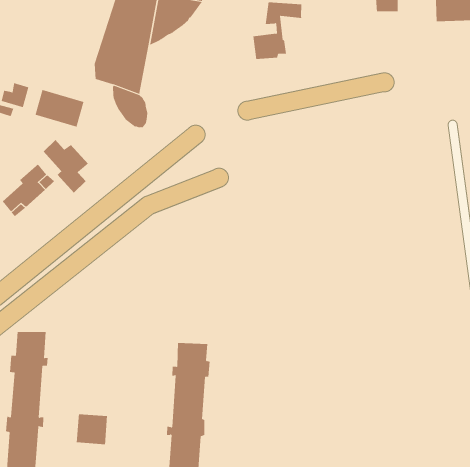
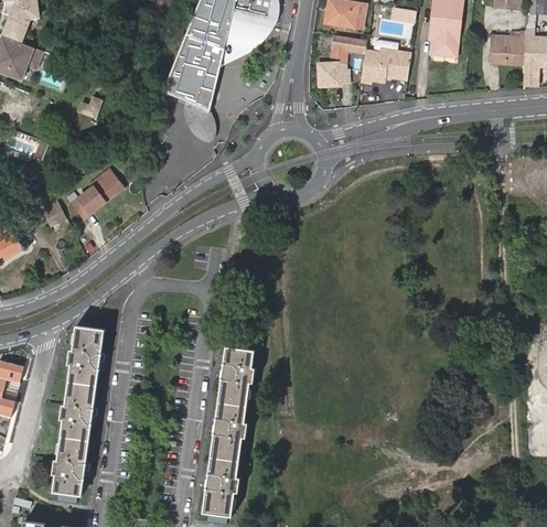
building: none -> [360,47,409,82]
building: [35,89,84,127] -> none
building: [43,139,89,193] -> none
building: [76,414,108,445] -> none

